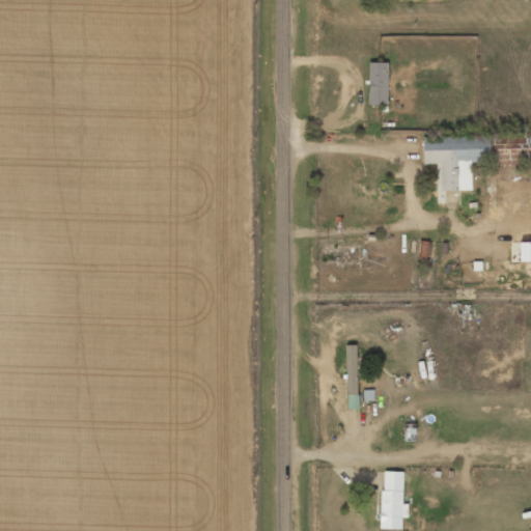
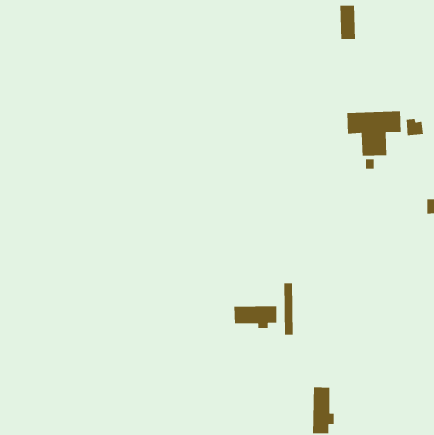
building: [369,62,389,105] -> [340,5,356,40]
building: none -> [234,306,277,329]

